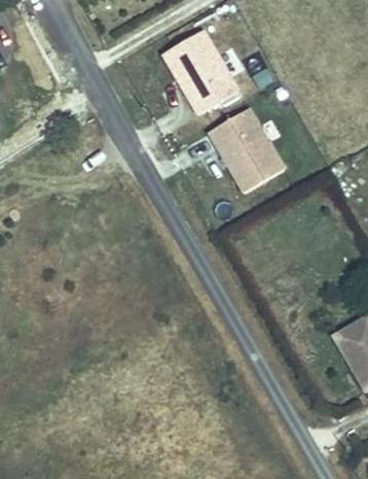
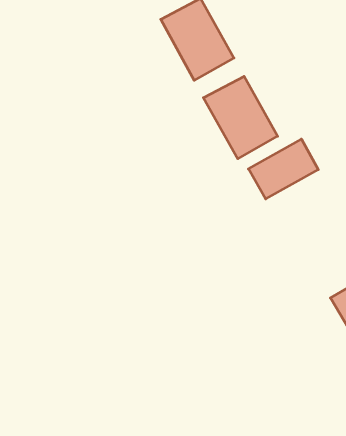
building: none -> [248,139,318,199]

